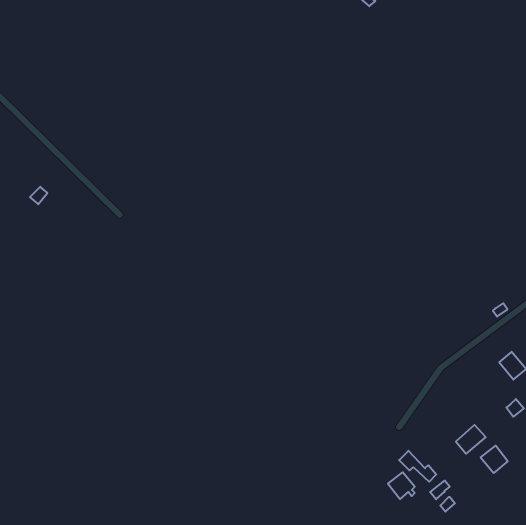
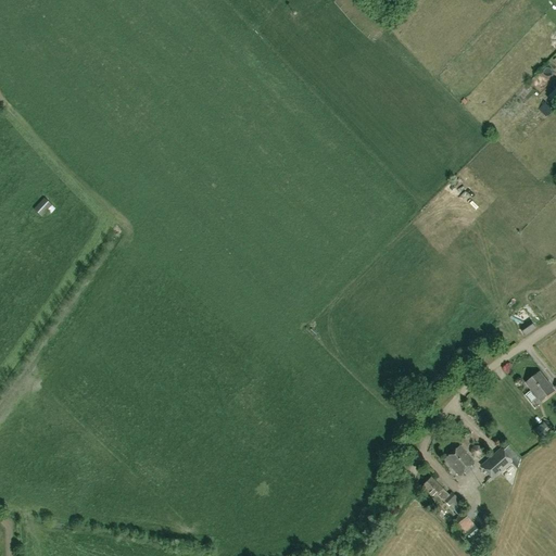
building: [481,446,508,473] -> none
building: [388,472,415,499] -> [444,444,472,472]

